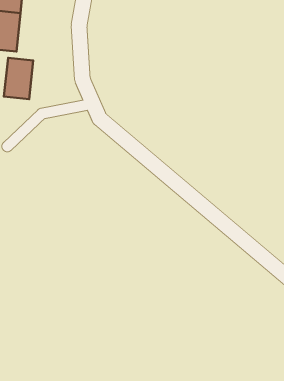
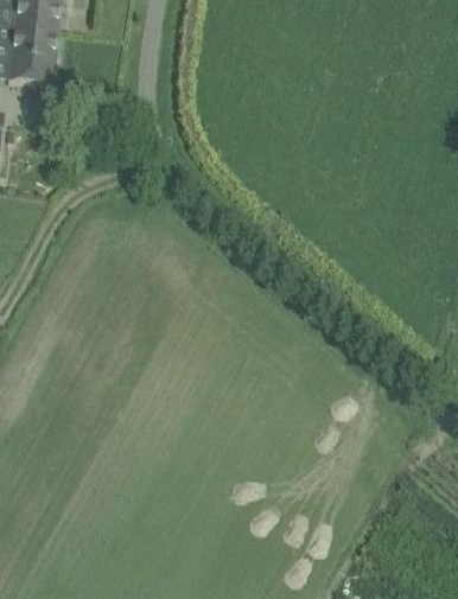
building: [4,58,33,99] -> none

